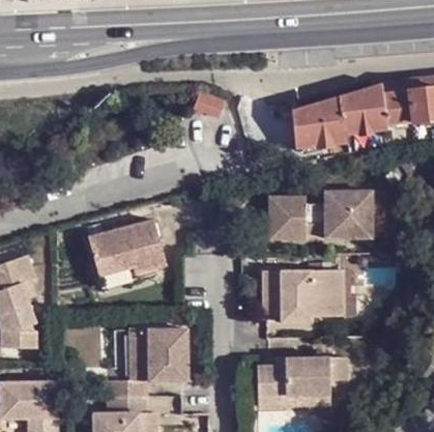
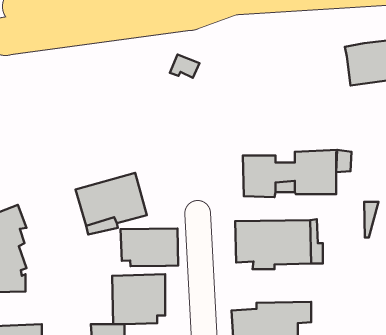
building: [292,83,386,149] -> none
building: none -> [120,229,178,266]

